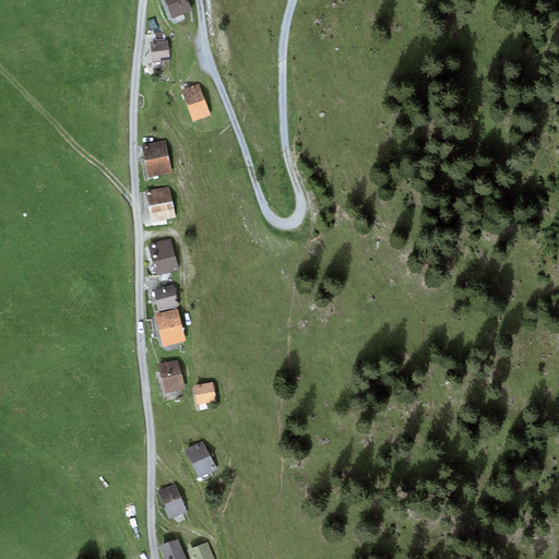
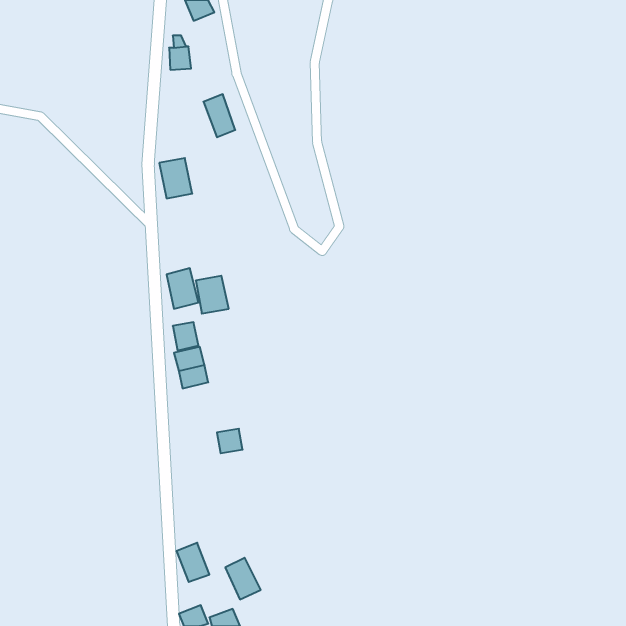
building: [145,188,175,222] -> [196,276,229,314]
building: [157,360,183,393] -> none
building: [185,442,216,479] -> [225,558,261,599]

